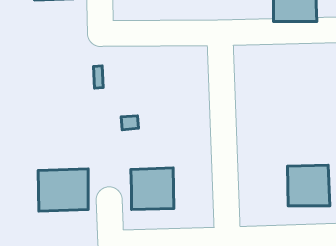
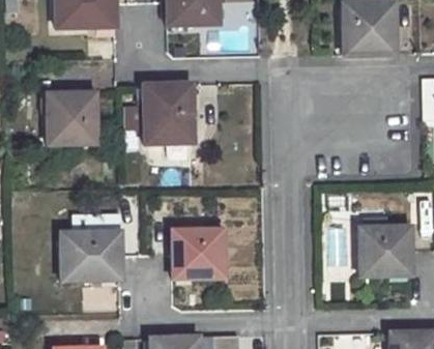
building: none -> [143,82,193,143]
building: none -> [48,91,96,144]

